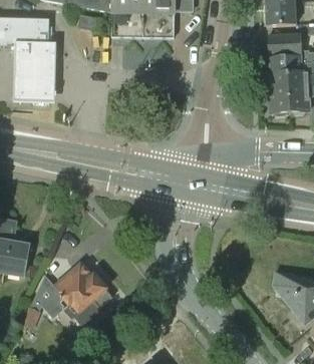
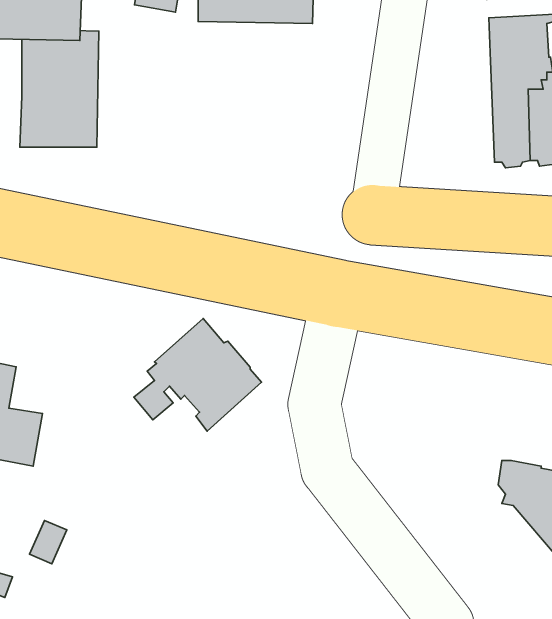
building: [43,262,111,322] -> [134,319,261,431]

